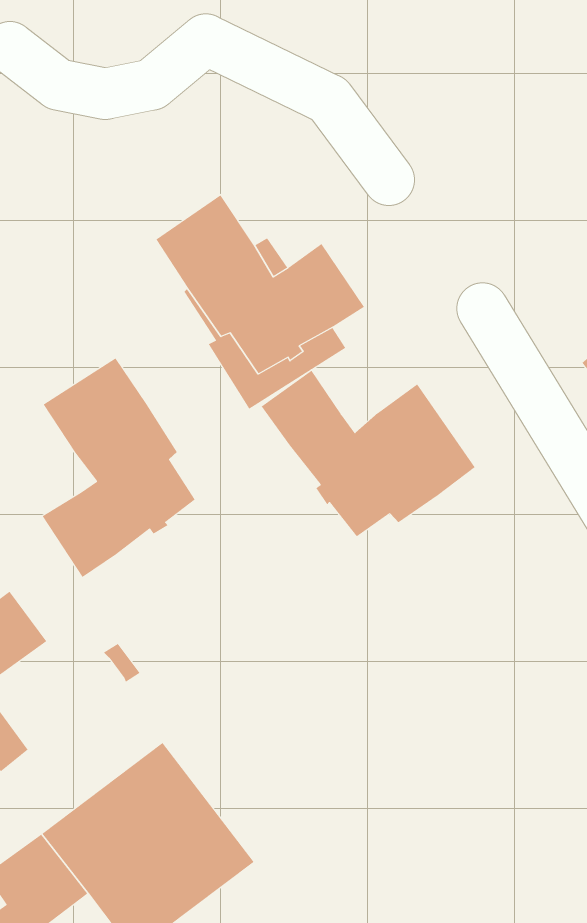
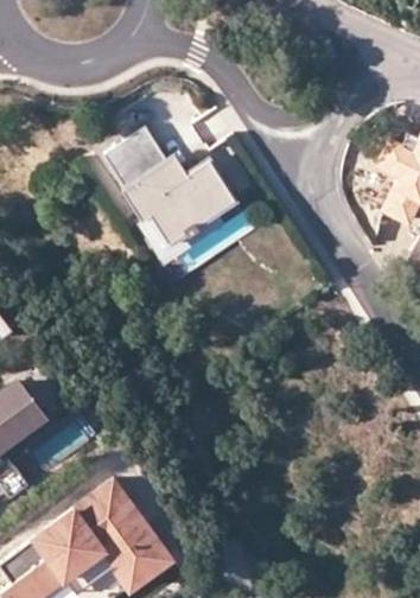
building: [42,358,196,578] -> none
building: [261,370,476,537] -> none

